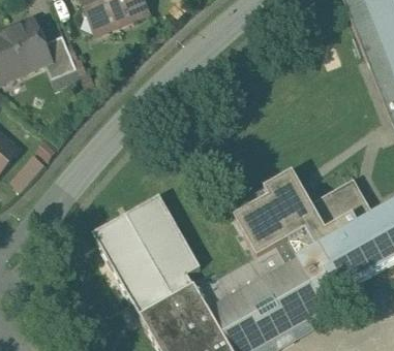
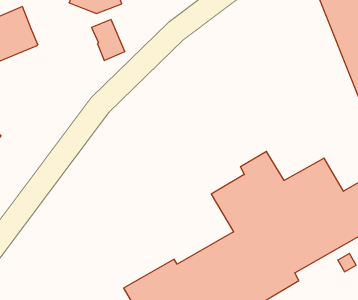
building: [42,34,78,77] -> [92,20,125,60]
building: [93,196,201,318] -> none

